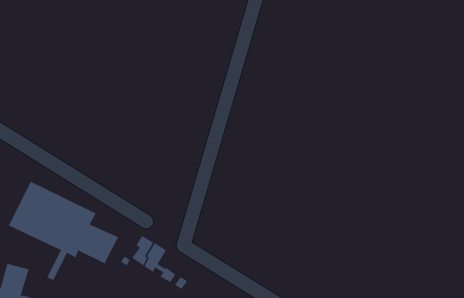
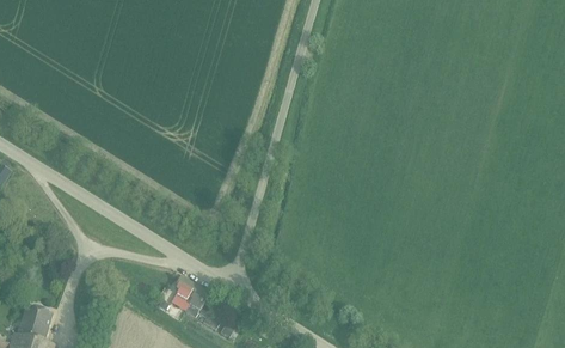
building: [8,181,119,281] -> none

